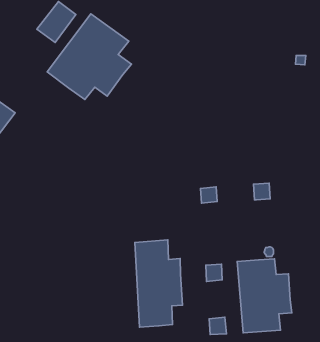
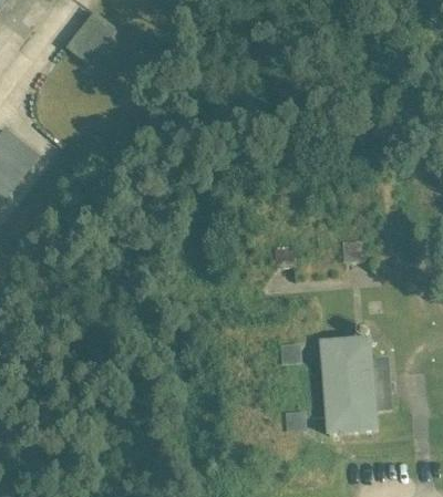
building: [47,14,131,100] -> none
building: [135,240,183,327] -> none

